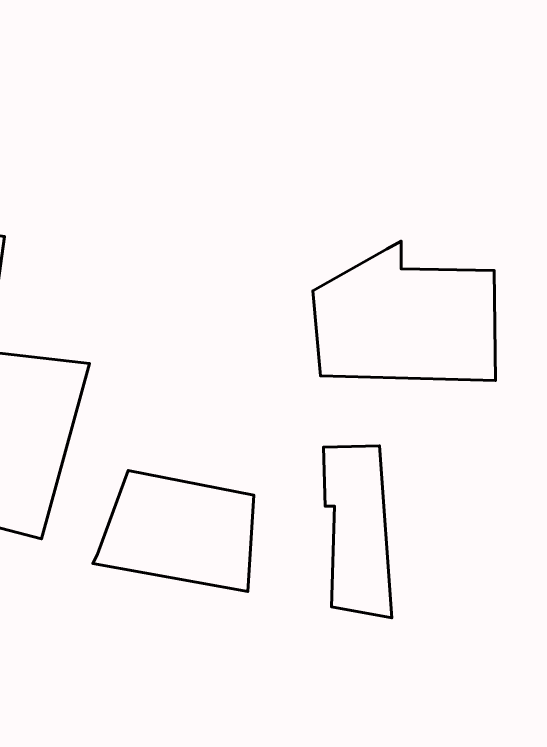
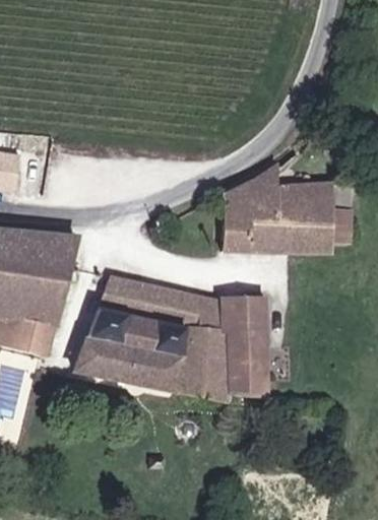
building: none -> [101,276,236,399]

